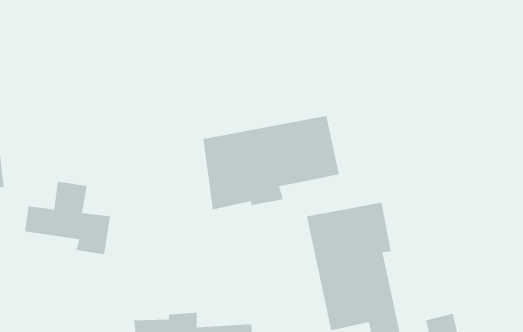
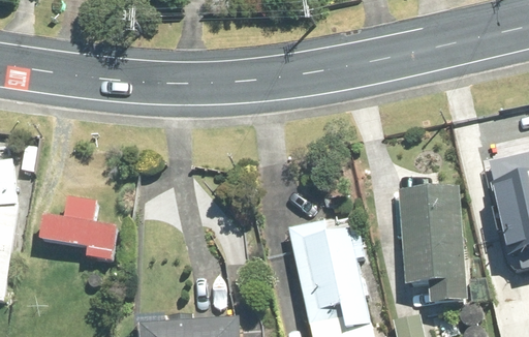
building: [203,115,339,210] -> none
building: none -> [397,183,466,305]

